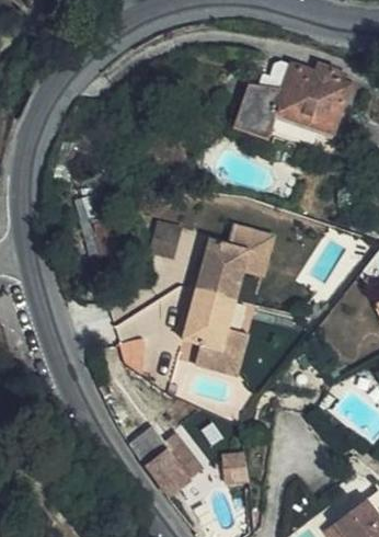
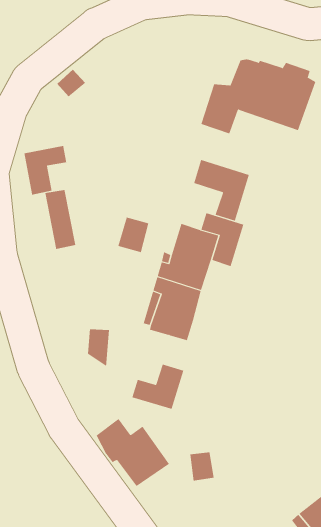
building: none -> [24,145,67,196]
building: none -> [194,159,250,221]
building: [198,327,251,373] -> [132,364,184,410]

